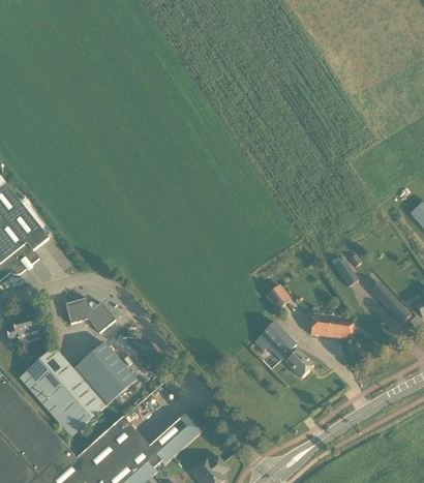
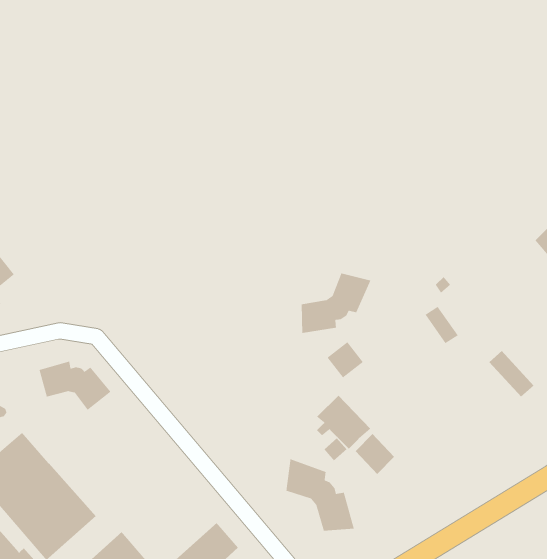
building: none -> [301,273,371,334]
building: [309,310,353,340] -> none
building: [71,342,135,406] -> none
building: none -> [285,458,355,531]

